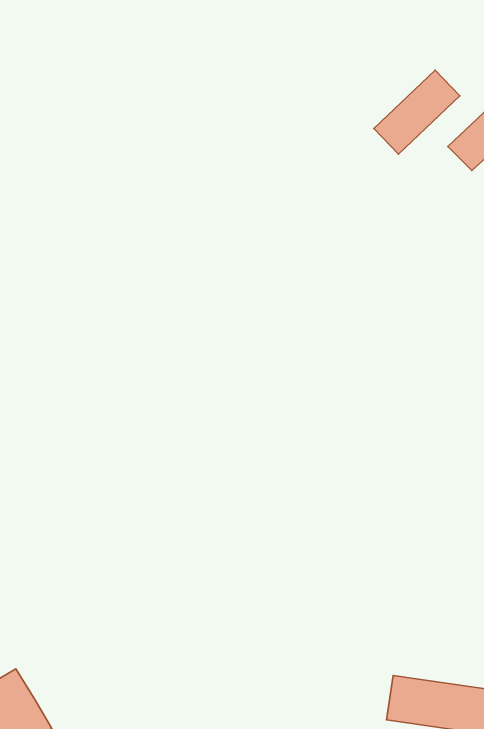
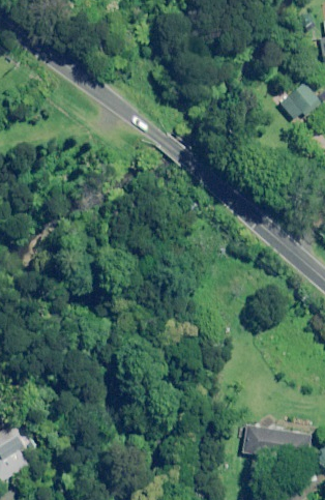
building: [374,70,460,154] -> none

